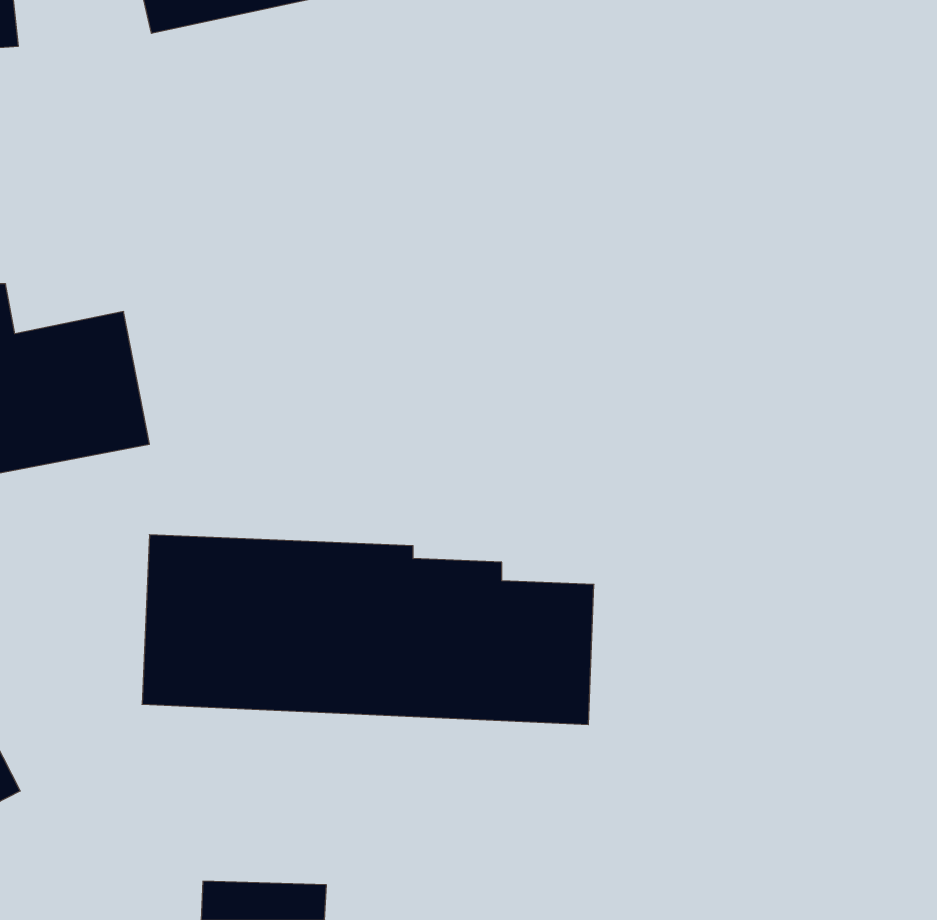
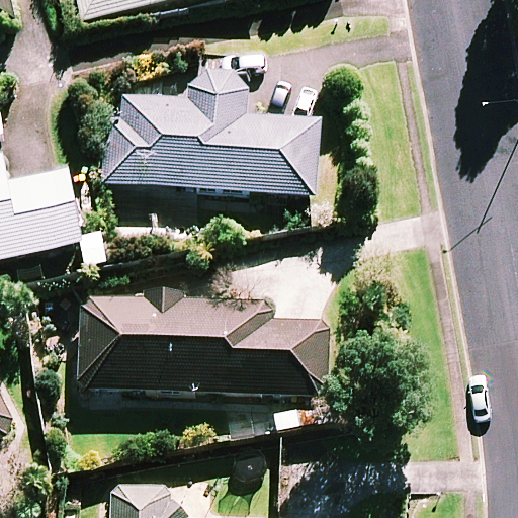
building: none -> [102,89,321,197]

